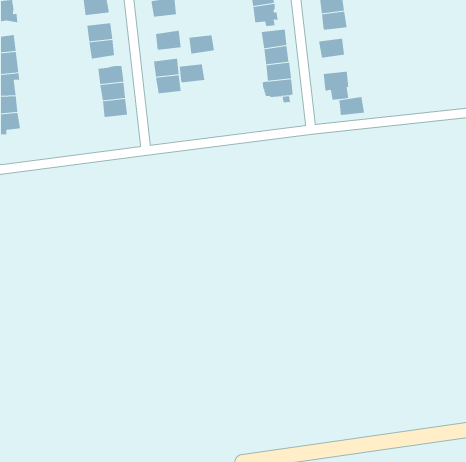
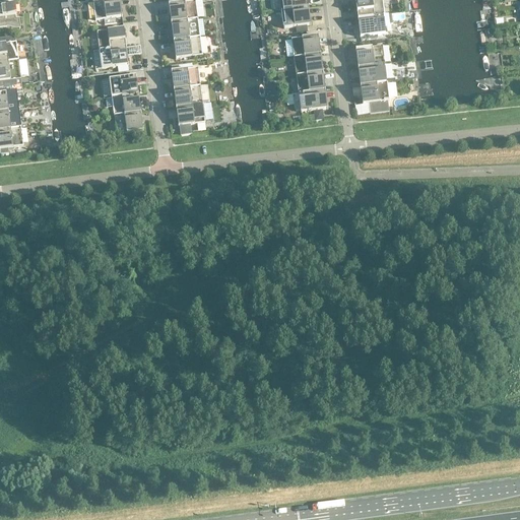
building: [189,35,215,54] -> [171,16,200,38]
building: [179,64,205,84] -> [176,102,205,124]
building: [338,96,365,116] -> [358,61,387,82]

